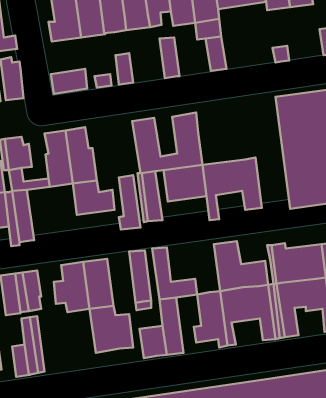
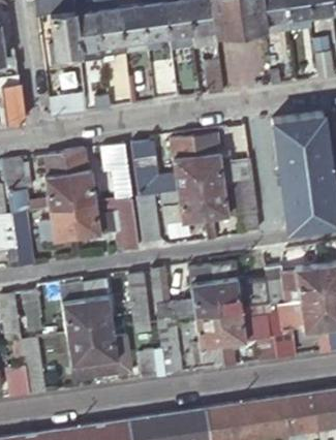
building: none -> [194,132,253,187]
building: none -> [103,144,132,199]
building: none -> [39,206,77,242]
building: none -> [189,265,218,315]
building: none -> [67,329,95,375]

